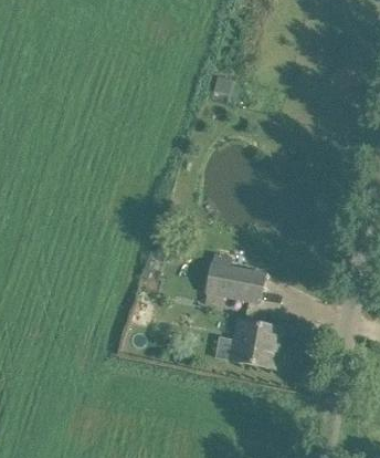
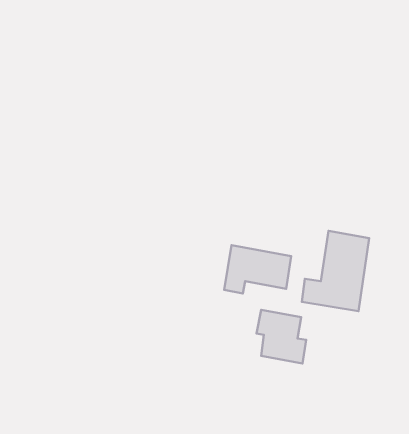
building: none -> [302,231,369,311]

